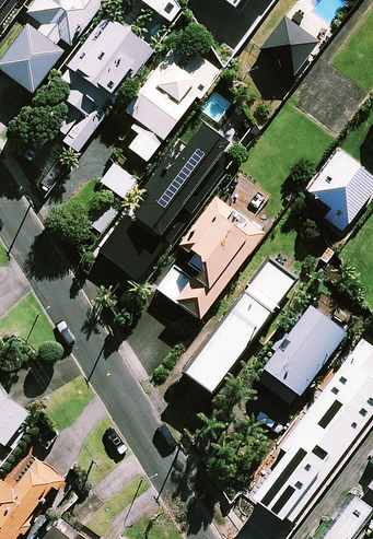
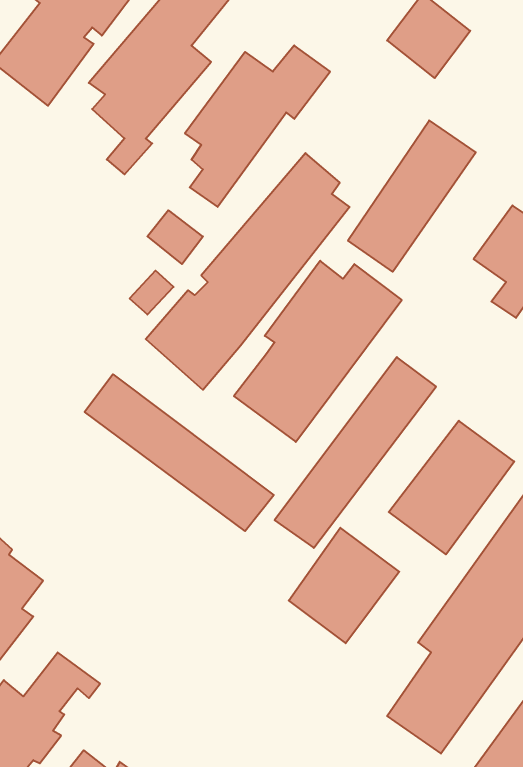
building: none -> [348,120,476,272]
building: none -> [85,374,274,531]
building: none -> [289,528,399,643]

